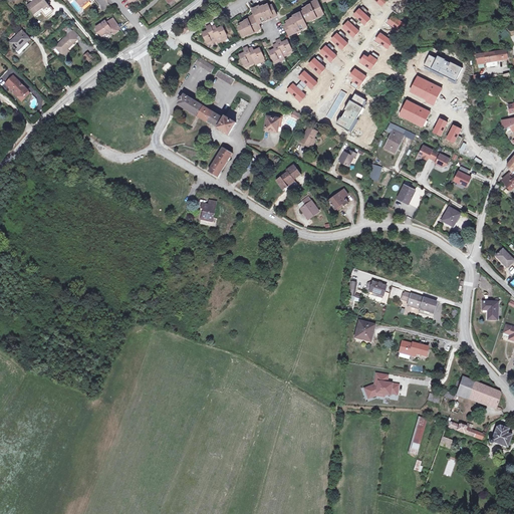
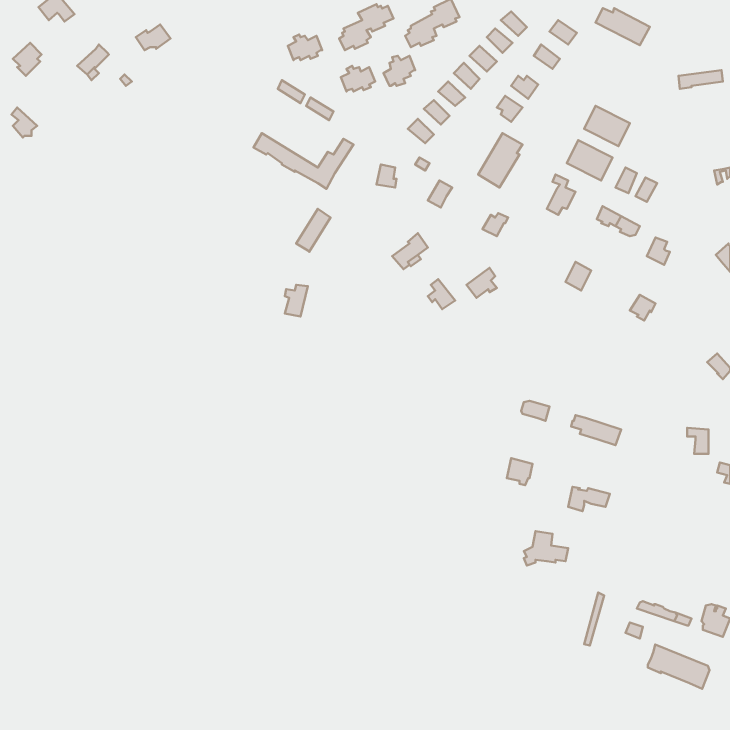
building: [424,54,462,80] -> [596,8,650,45]
building: [457,376,500,408] -> [648,644,709,689]

